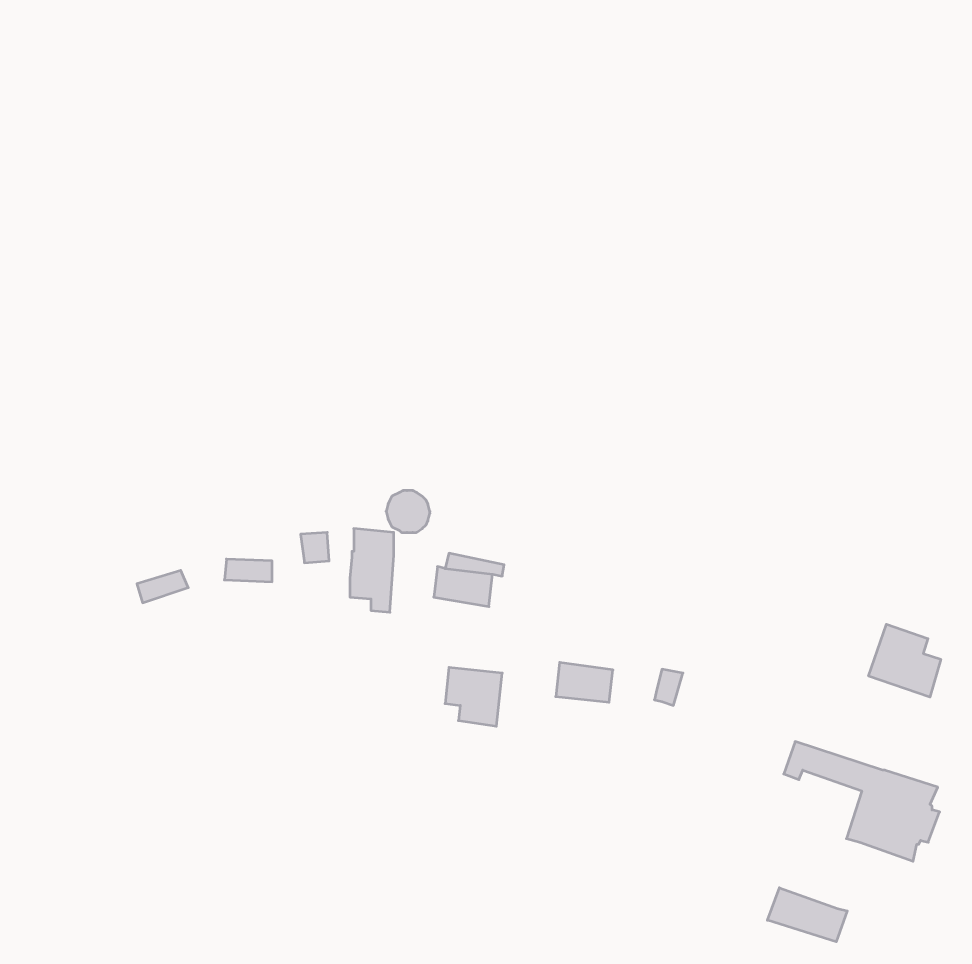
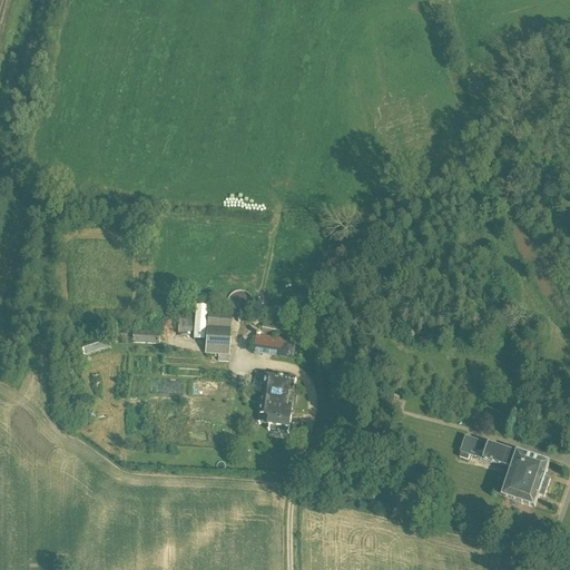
building: [869,624,941,697] -> none
building: [556,662,613,702] -> [263,371,296,394]
building: [767,888,847,942] -> none

